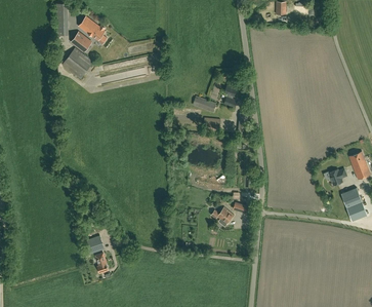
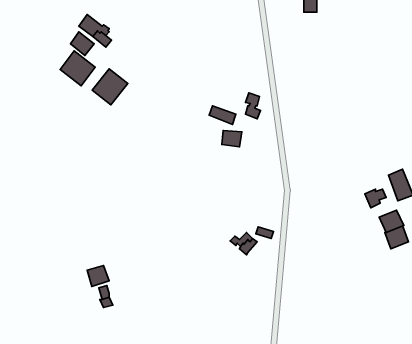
building: none -> [92,69,128,105]

